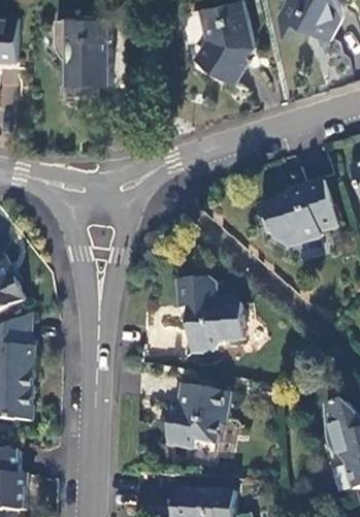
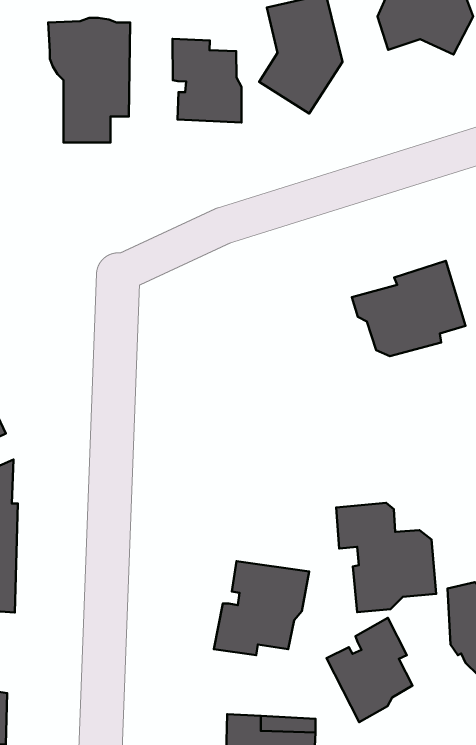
building: none -> [173,39,241,123]
building: [177,278,246,352] -> [336,503,436,612]
building: none -> [327,618,413,722]

